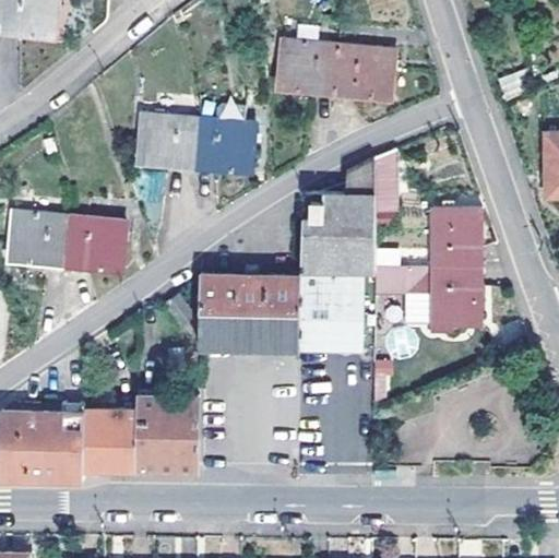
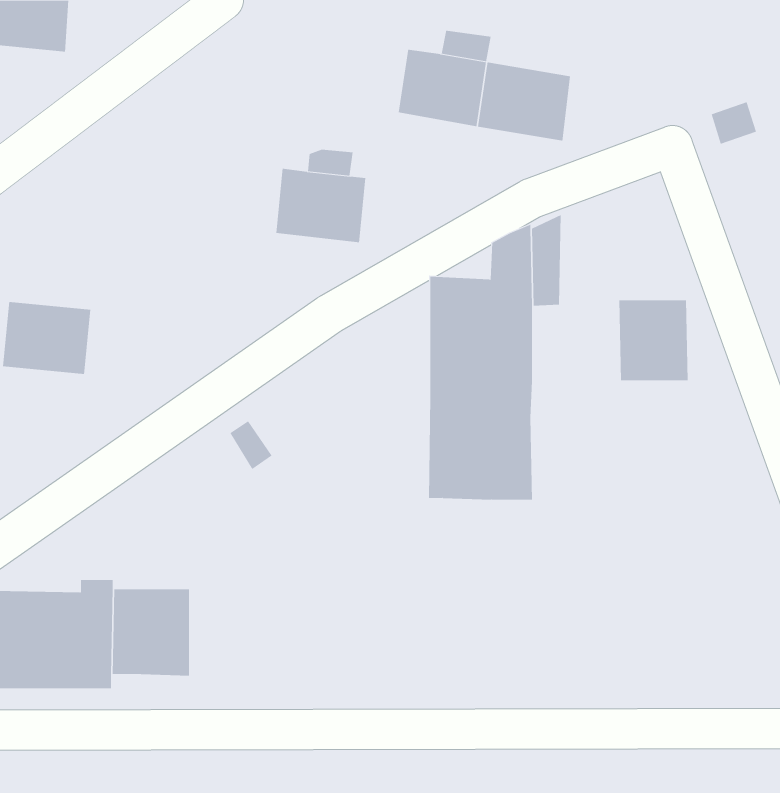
building: [139,117,199,166] -> none
building: [63,218,123,268] -> none
building: [370,268,423,293] -> none
building: [431,268,478,324] -> none
building: [199,276,300,349] -> none
building: [135,397,198,472] -> none

